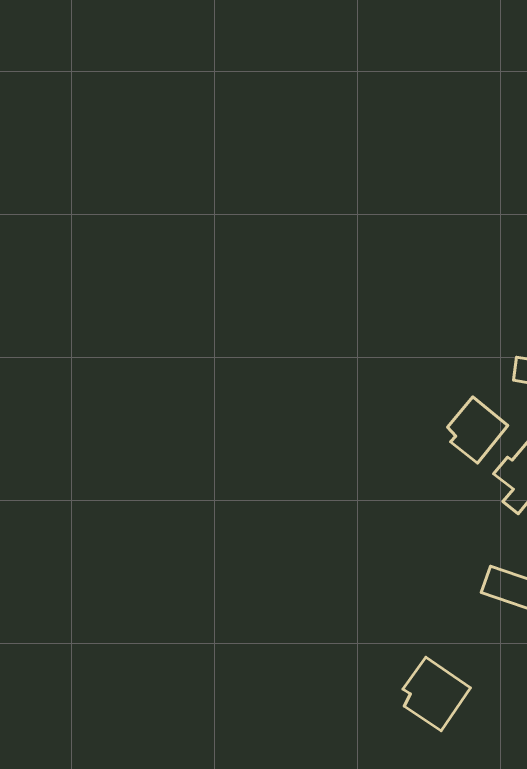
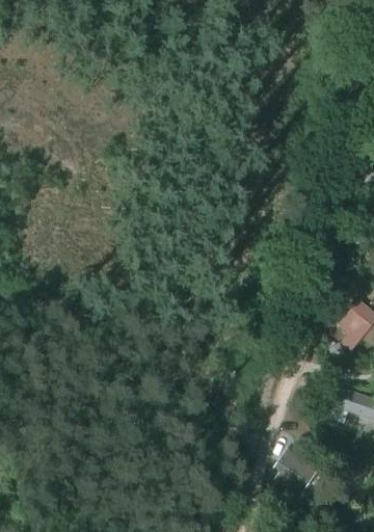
building: [448,397,508,463] -> none

